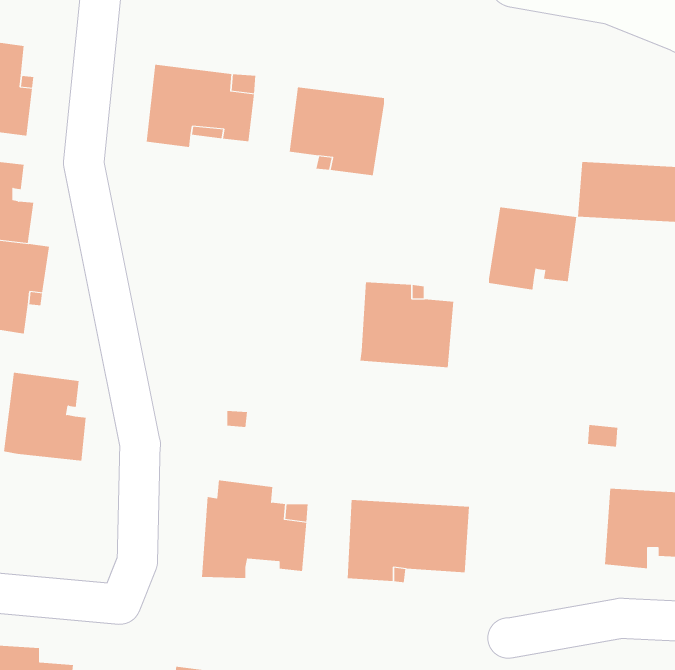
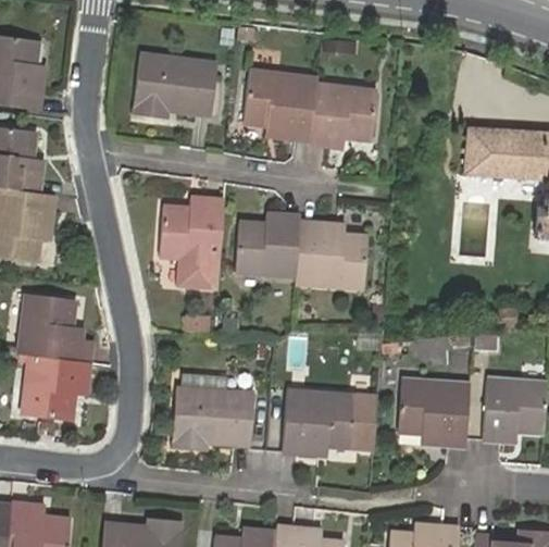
building: [488,207,577,290] -> [304,85,373,149]
building: none -> [158,196,222,286]
building: none -> [235,213,298,275]
building: none -> [23,355,91,420]
building: none -> [398,380,471,447]

